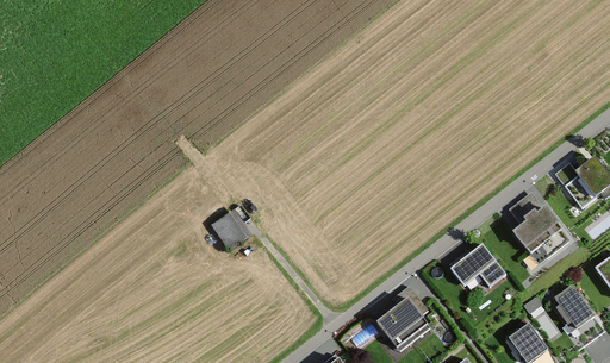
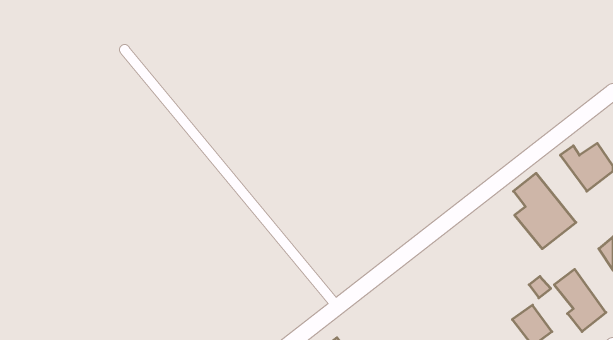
building: [212,211,248,248] -> none
building: [448,243,505,288] -> none
building: [376,284,431,351] -> none

